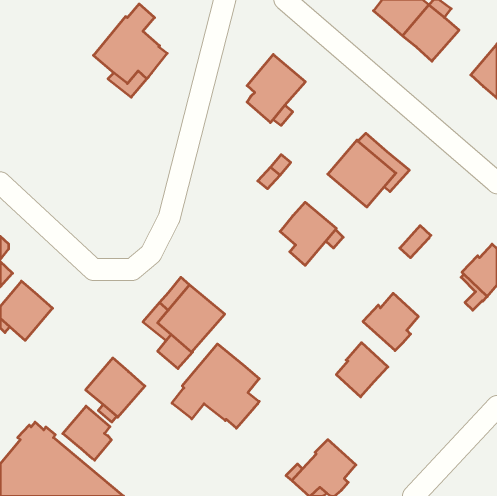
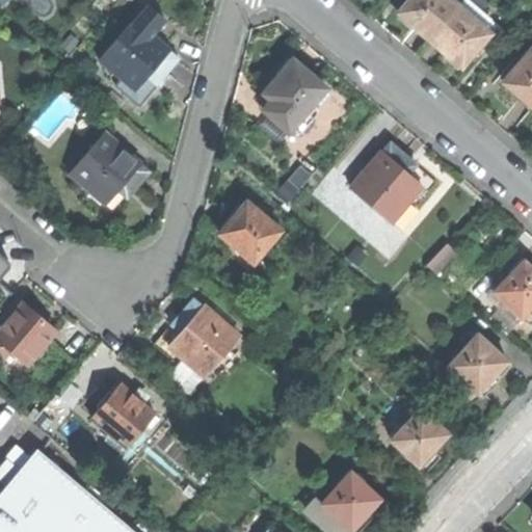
building: none -> [70,131,151,217]
building: [280,202,336,265] -> [220,202,281,269]
building: [363,293,418,351] -> [448,335,507,396]
building: [336,343,388,397] -> [393,406,448,464]
building: [172,344,259,428] -> none
building: [63,406,111,460] -> none

